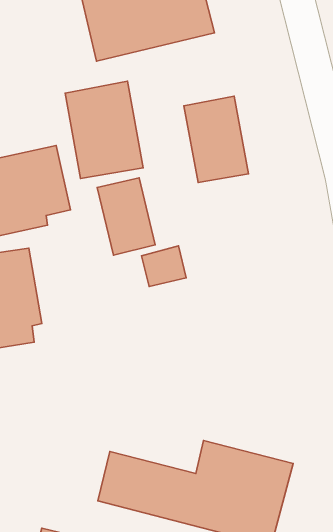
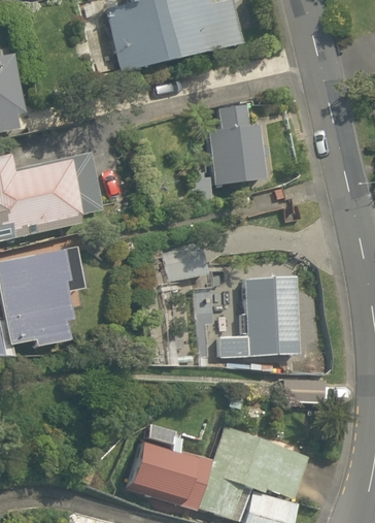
building: [65,81,143,179] -> none
building: [97,178,155,255] -> none
building: none -> [219,282,294,365]

